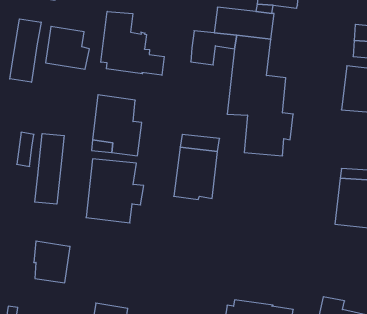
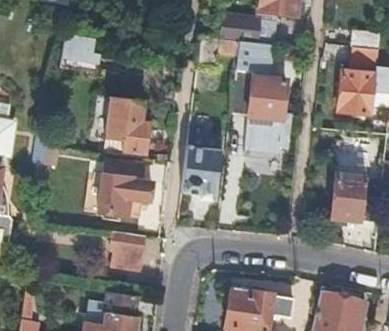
building: [101,11,164,75] -> none
building: [10,19,41,82] -> none
building: [35,134,64,204] -> none
building: [34,241,70,283] -> [112,231,146,270]

